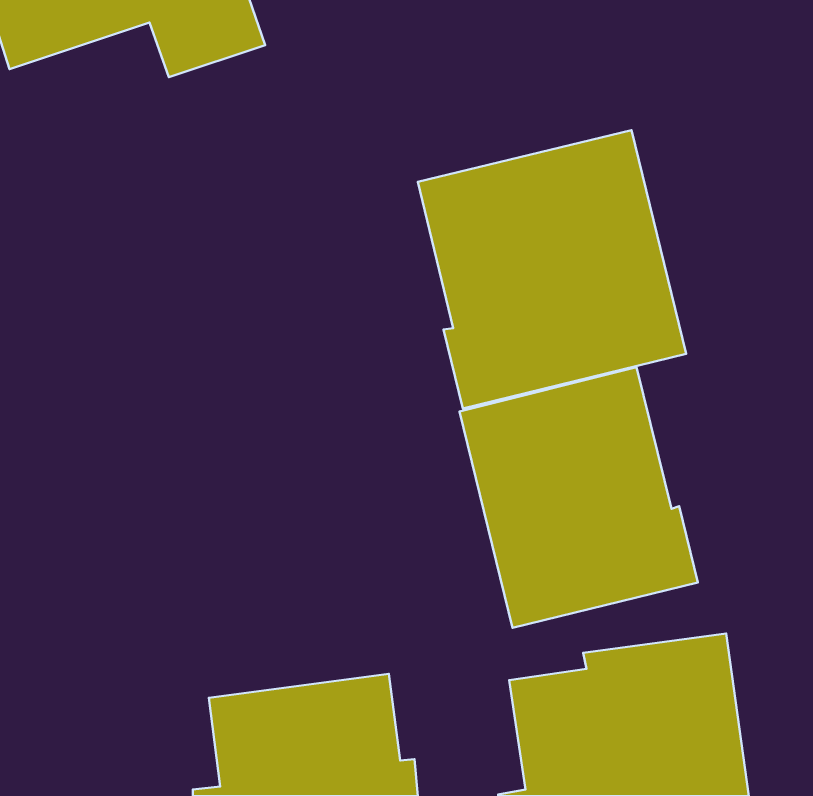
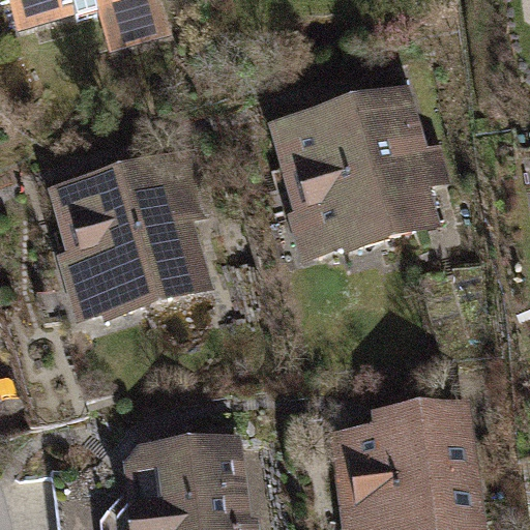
building: none -> [49,154,215,324]
building: [460,367,698,628] -> none

